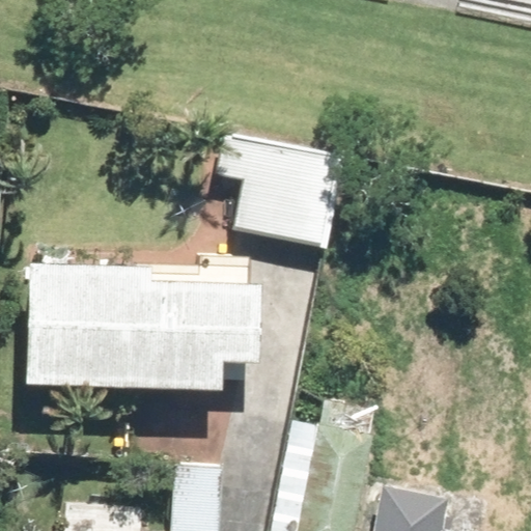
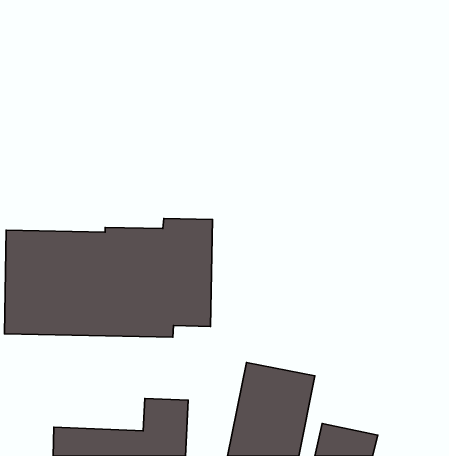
building: [216,137,348,246] -> none

